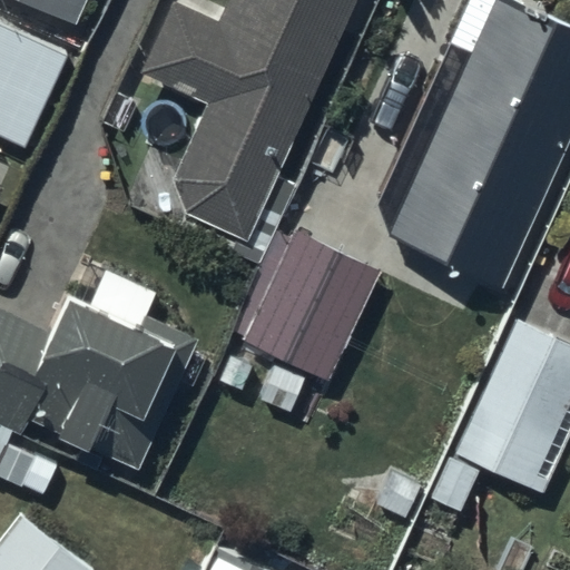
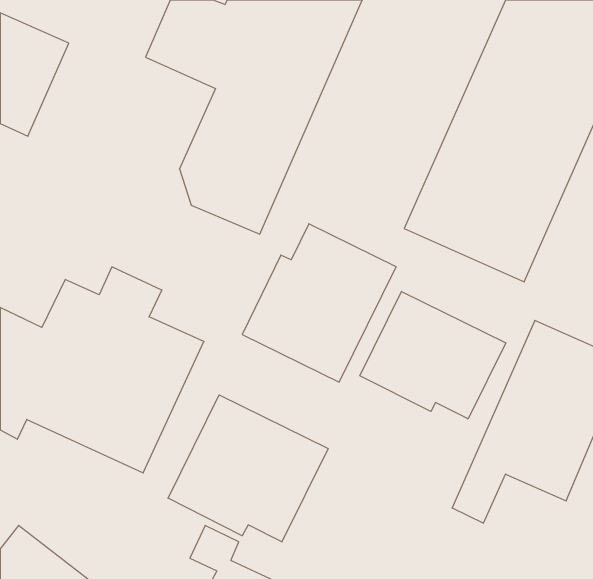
building: none -> [360,291,506,419]
building: none -> [168,395,328,542]

